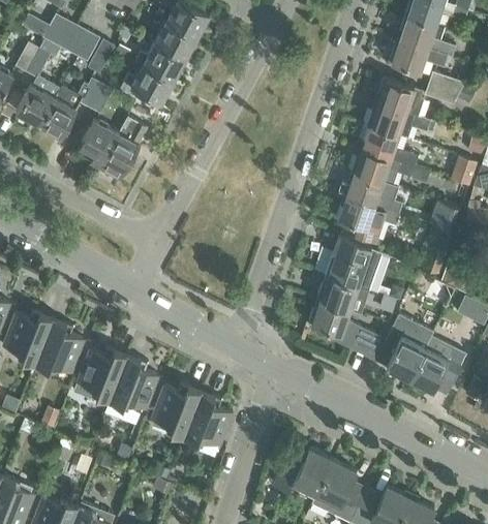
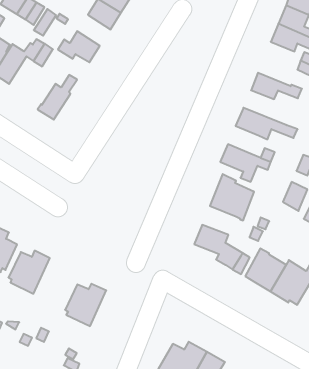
building: [143,43,185,82] -> none
building: [375,78,424,117] -> none
building: [81,120,120,161] -> none
building: [360,125,419,166] -> none
building: [343,172,382,206] -> none
building: [317,275,365,312] -> none
building: [110,355,159,412] -> none
building: [184,391,233,449] -> none

